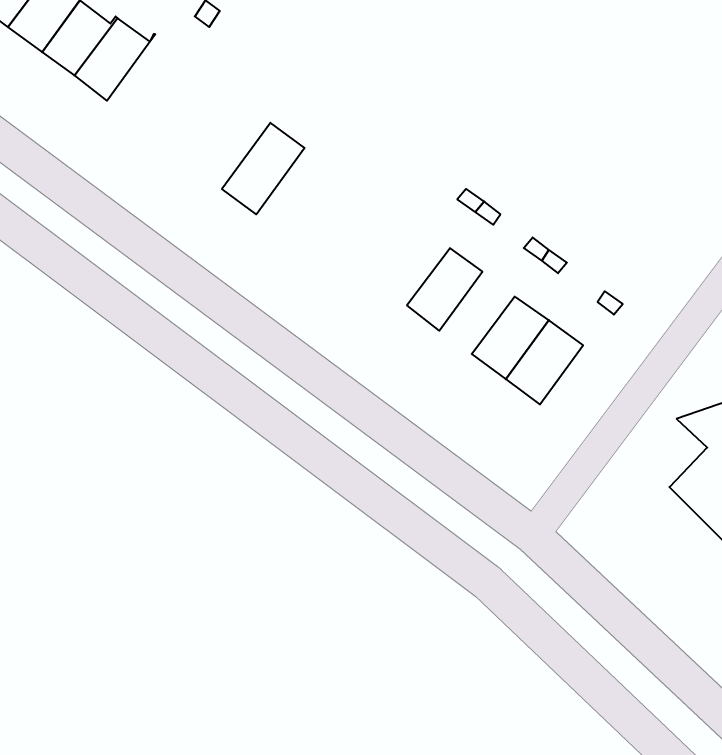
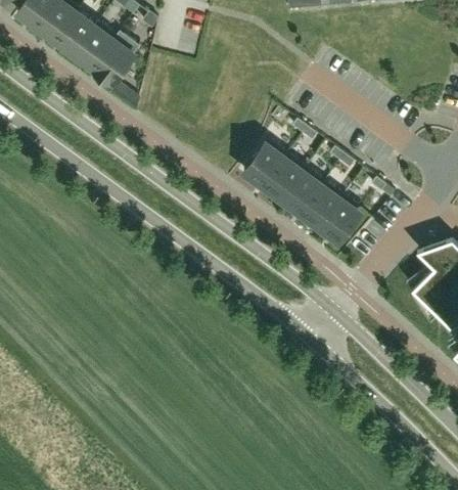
building: [222,123,305,214] -> [92,35,139,87]
building: none -> [243,141,287,189]
building: none -> [281,170,324,217]

